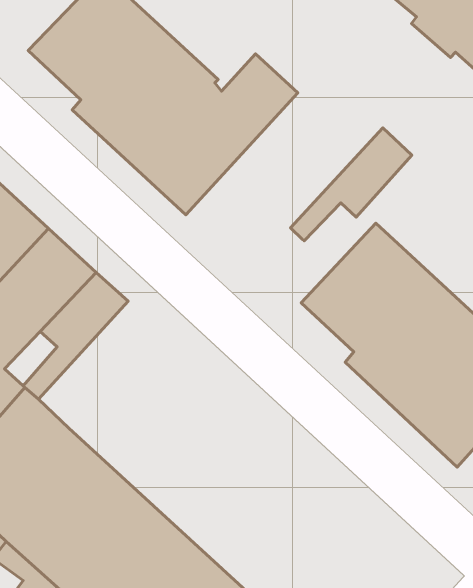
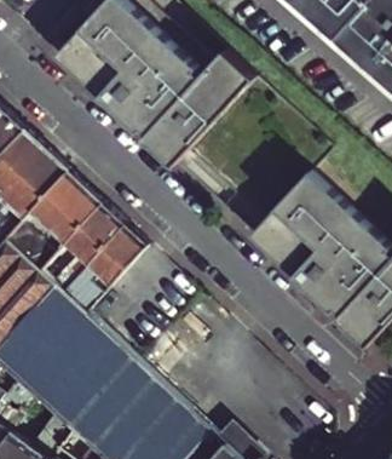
building: [291,128,412,241] -> none
building: none -> [60,224,148,315]

